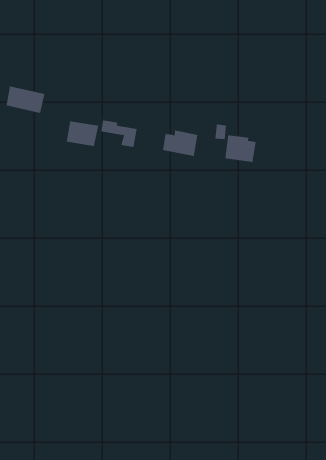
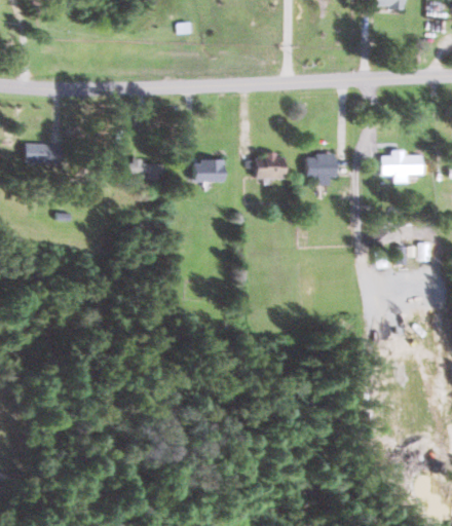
building: [66,120,99,147] -> none
building: none -> [306,154,337,185]

